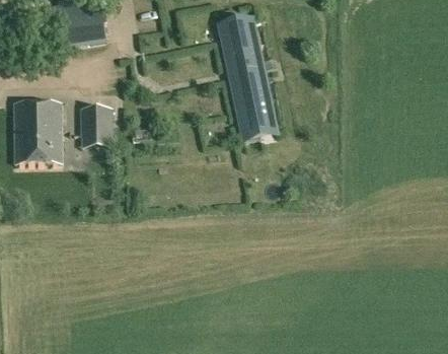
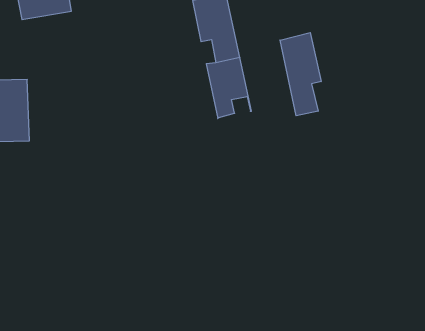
building: none -> [280,33,321,116]
building: [81,107,113,147] -> none

